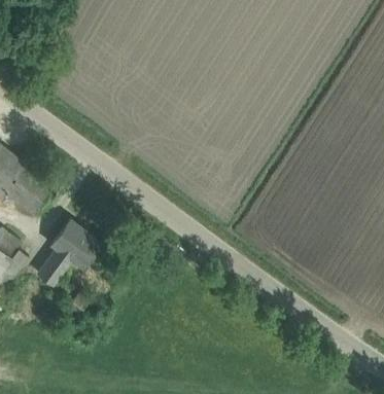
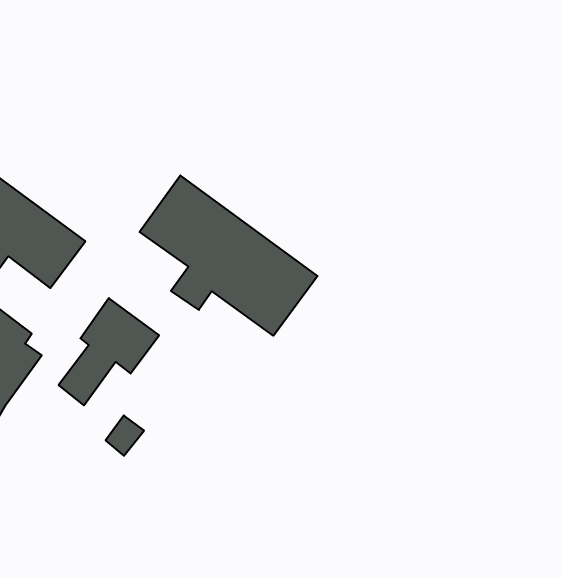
building: none -> [140,175,318,336]

